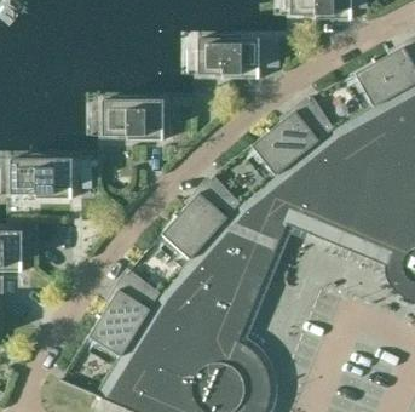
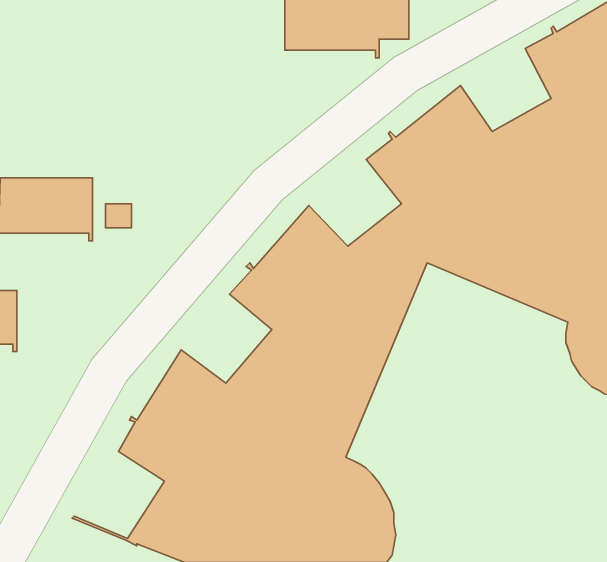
building: [102,101,163,141] -> none

